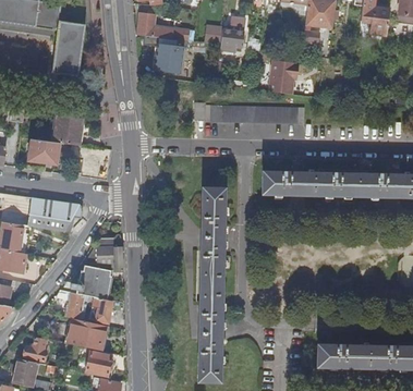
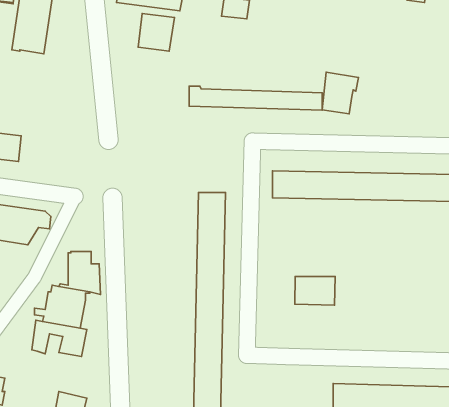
building: [269,60,299,94] -> [322,72,359,114]
building: [52,111,83,145] -> none
building: none -> [295,277,335,305]
building: [66,317,107,350] -> none

